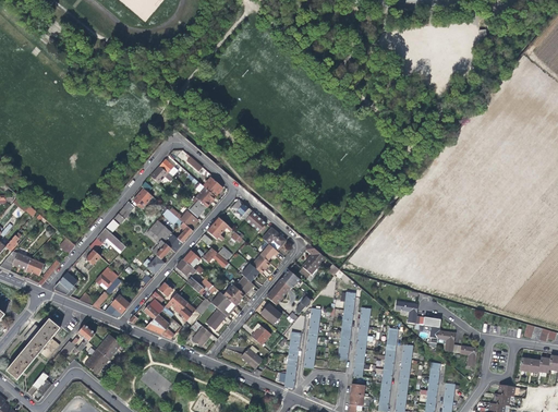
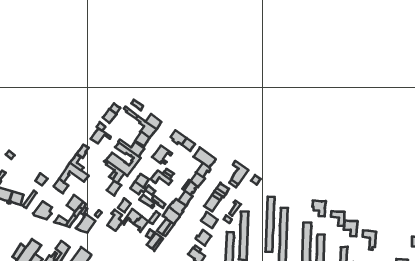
building: [145,313,180,338] -> none

